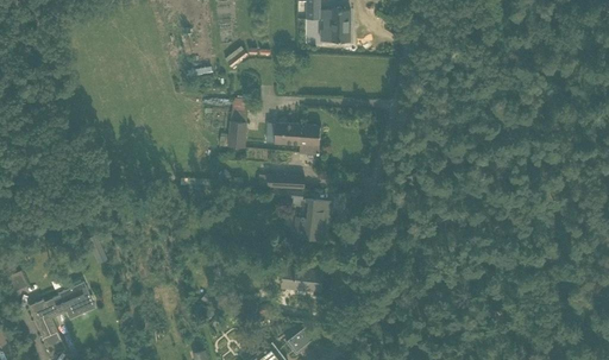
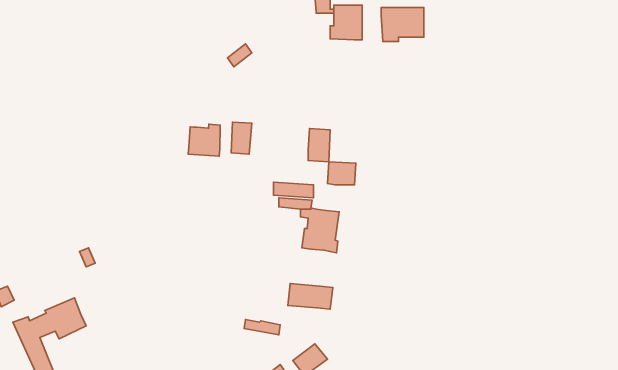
building: none -> [381,7,424,41]
building: none -> [188,124,220,156]
building: [274,122,300,144] -> [328,162,356,185]

